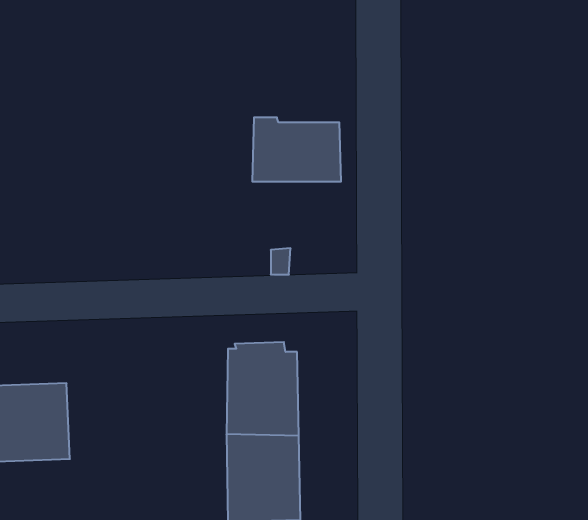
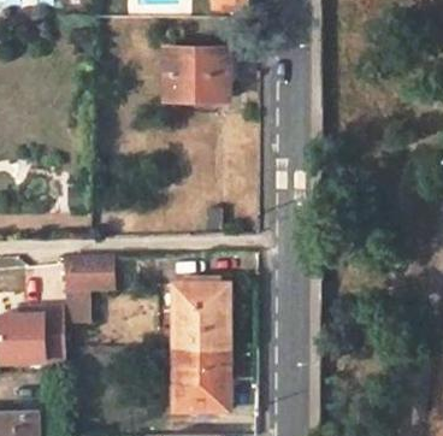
building: [252,117,341,182] -> [165,54,230,101]
building: none -> [66,258,112,291]

